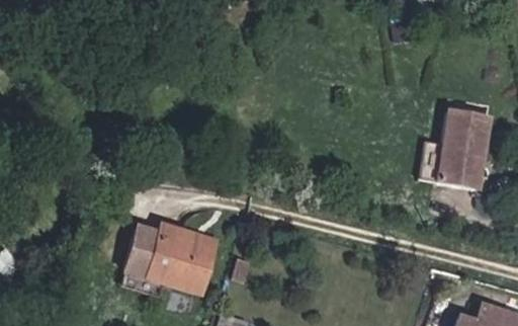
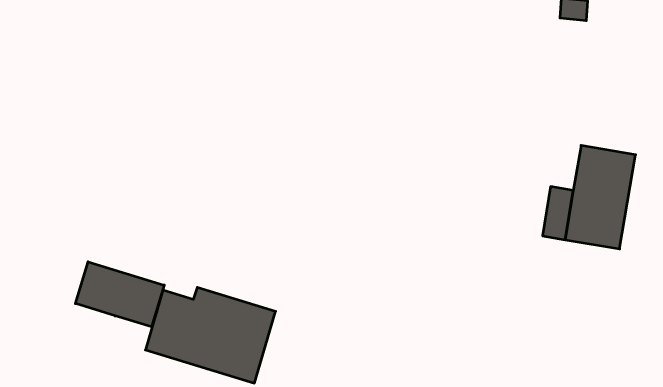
building: none -> [75,262,164,327]

